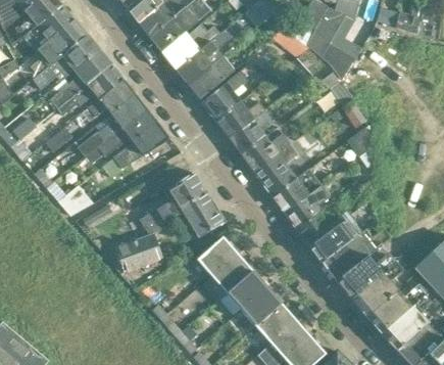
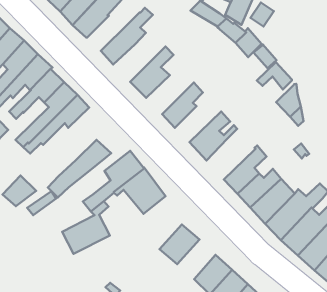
building: [162,24,218,67] -> none
building: [186,54,236,99] -> none
building: [215,100,265,139] -> none
building: [101,124,169,178] -> [48,140,111,197]
building: [241,133,290,171] -> none
building: [269,168,320,213] -> none
building: [197,236,237,276] -> none
building: [228,271,267,311] -> none

